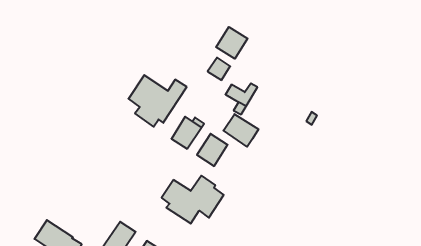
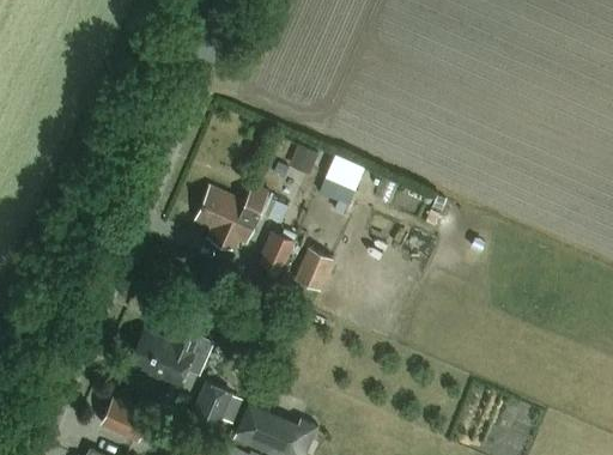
building: [216,27,248,59] -> none
building: [223,114,258,147] -> none
building: [162,176,224,224] -> [133,322,214,388]

